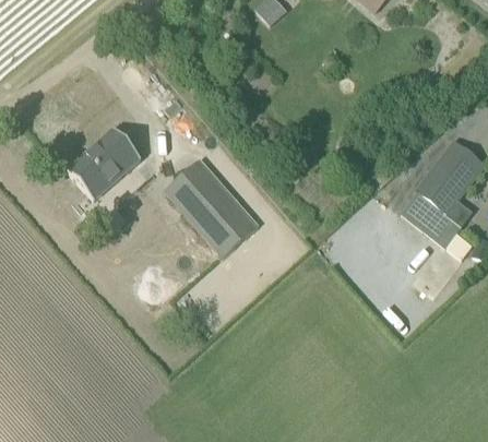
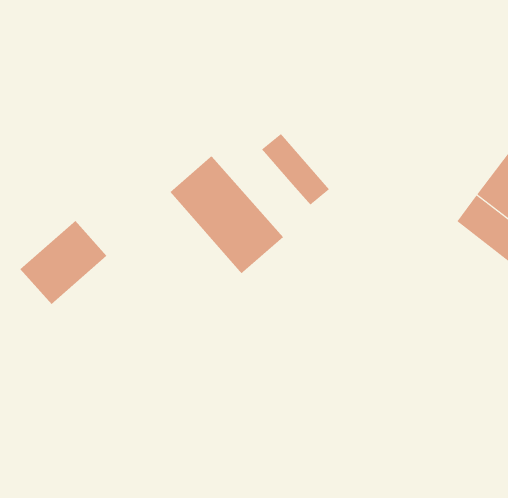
building: [68,129,140,199] -> [20,220,107,305]
building: none -> [261,133,330,206]

